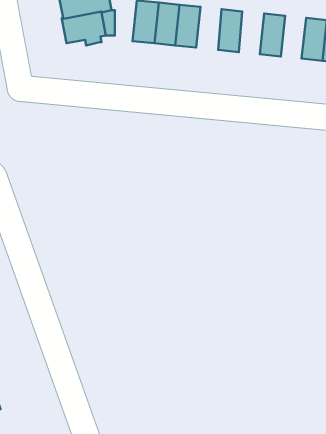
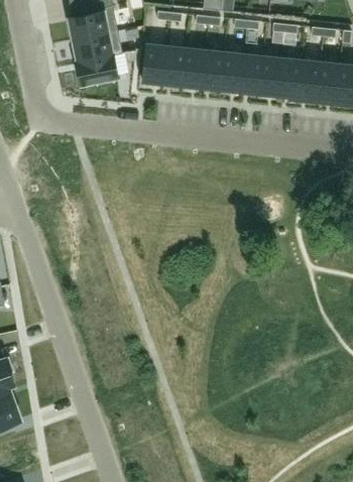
building: none -> [199,50,222,90]
building: none -> [238,54,261,94]
building: none -> [276,58,300,98]

